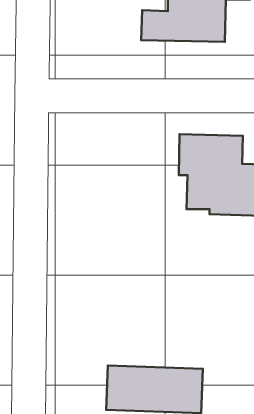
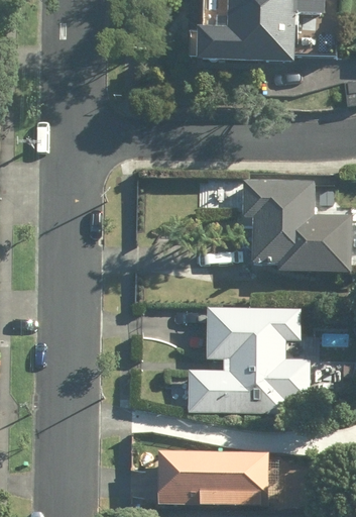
building: none -> [187,305,311,412]

